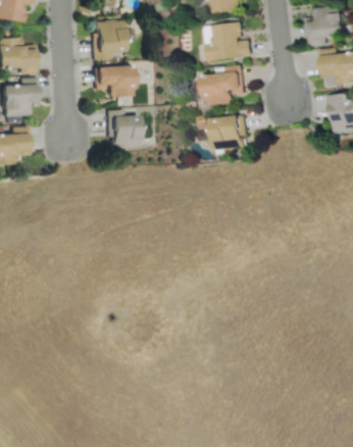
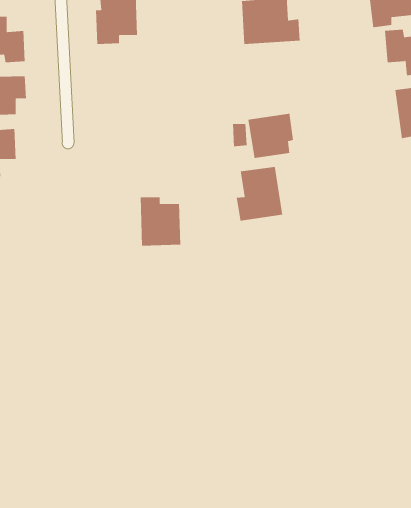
building: [205,64,246,104] -> none
building: [95,65,135,96] -> none
building: [109,109,142,148] -> [140,197,181,246]
building: none -> [236,166,283,222]

